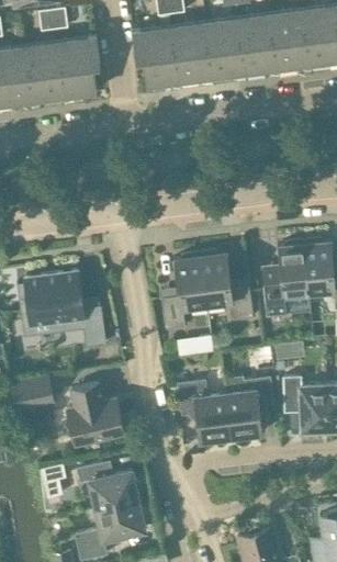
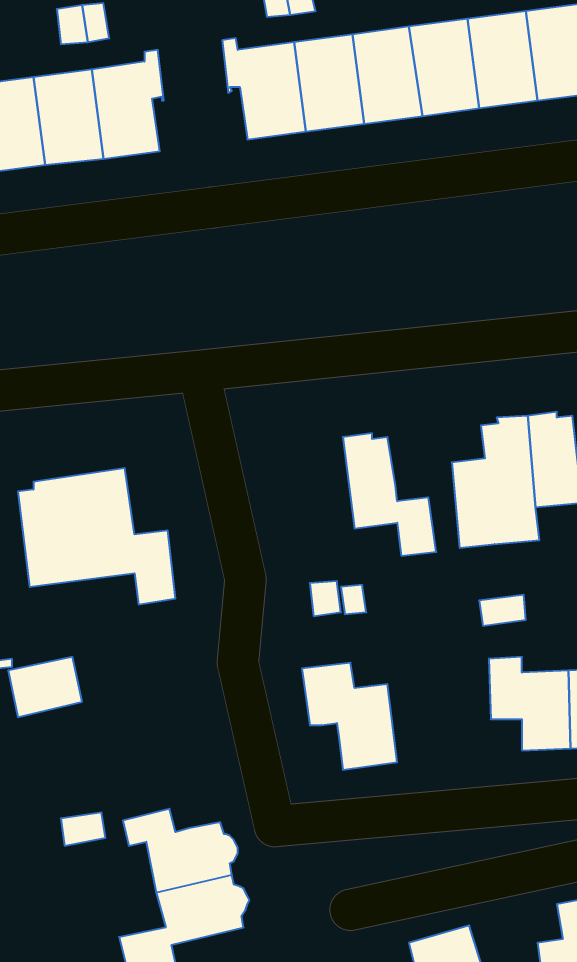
building: [160,254,206,330] -> none
building: [225,378,273,437] -> none
building: [66,384,123,446] -> none

